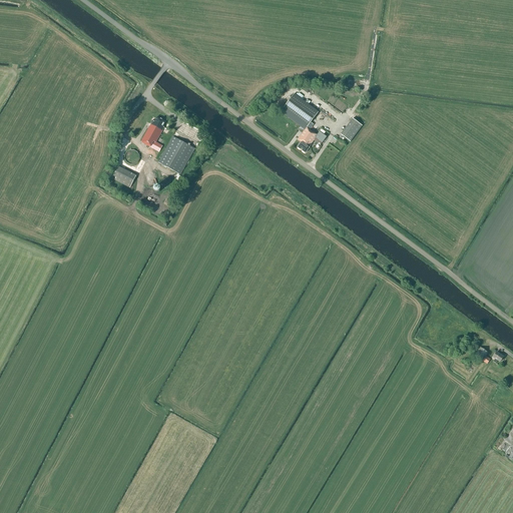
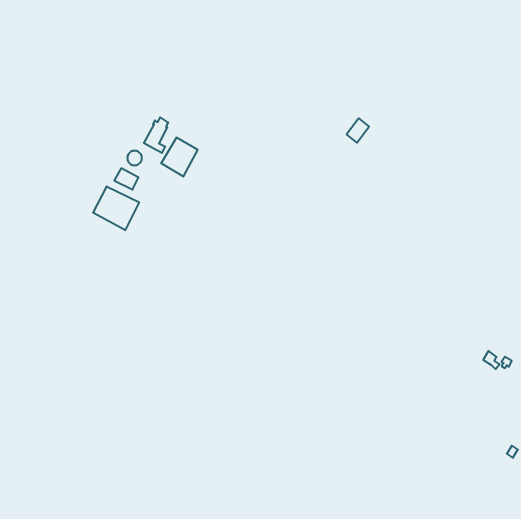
building: [281,92,327,151] -> none
building: none -> [93,186,139,230]

